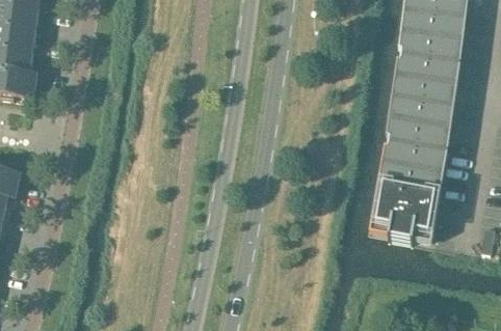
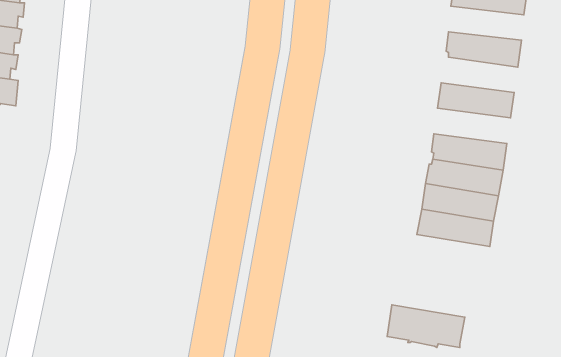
building: [400,8,465,37] -> none
building: [394,52,459,82] -> none
building: [388,95,453,126] -> none
building: [369,203,436,240] -> [387,305,465,347]

